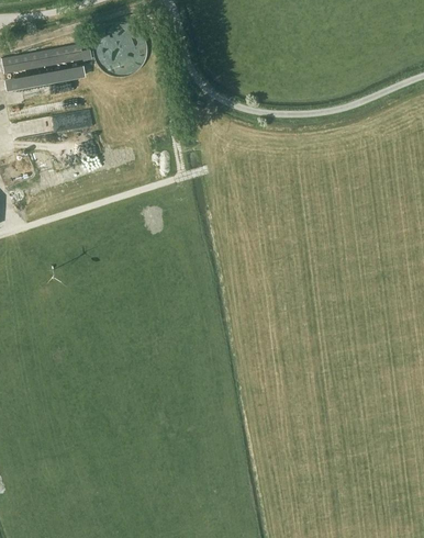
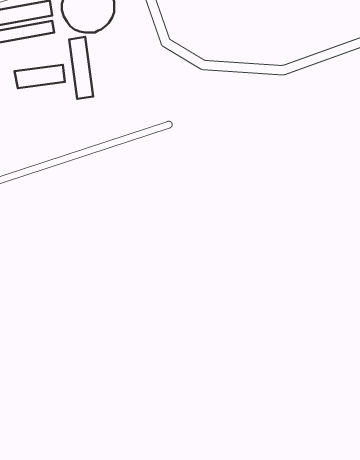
building: none -> [69,37,93,99]

